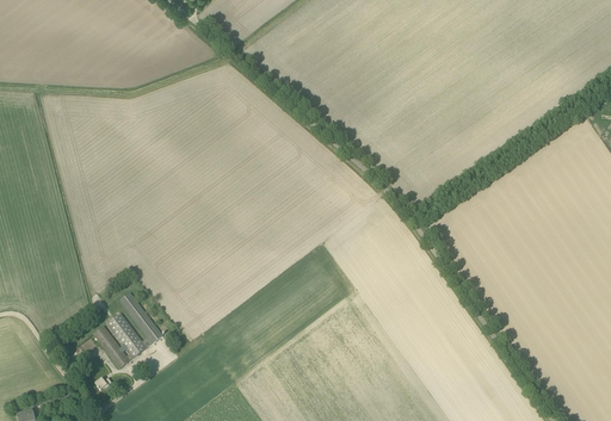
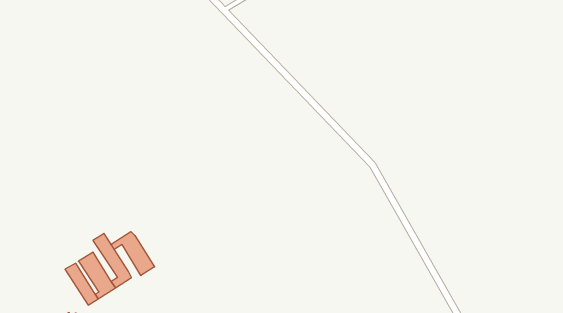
building: none -> [111,232,155,276]

